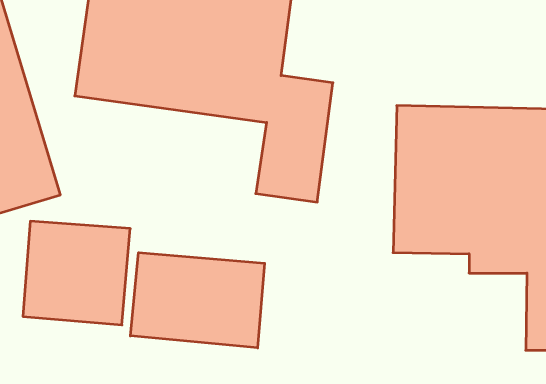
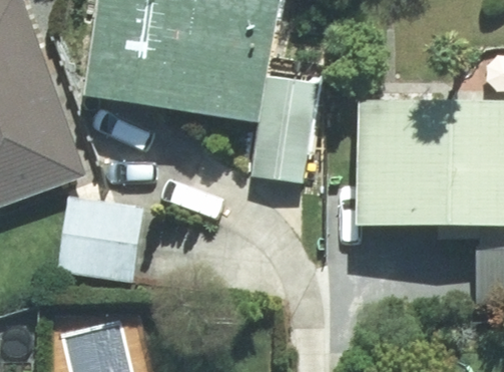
building: [130,253,265,348] -> none

